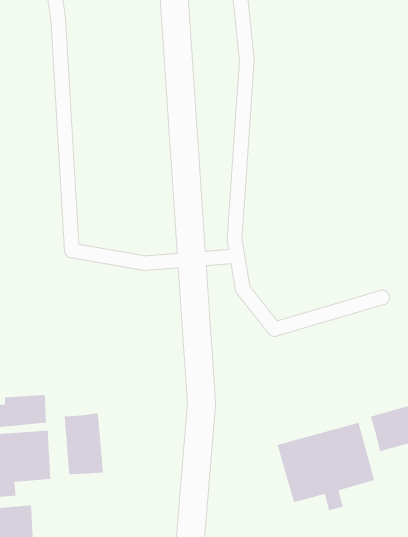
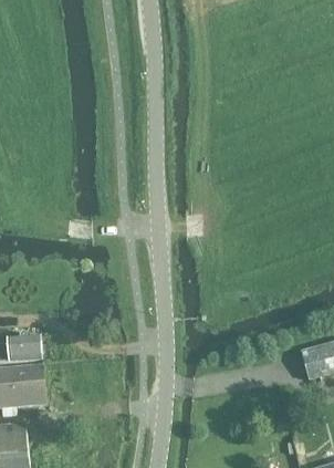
building: [64,413,104,475] -> none
building: [276,422,375,511] -> none

